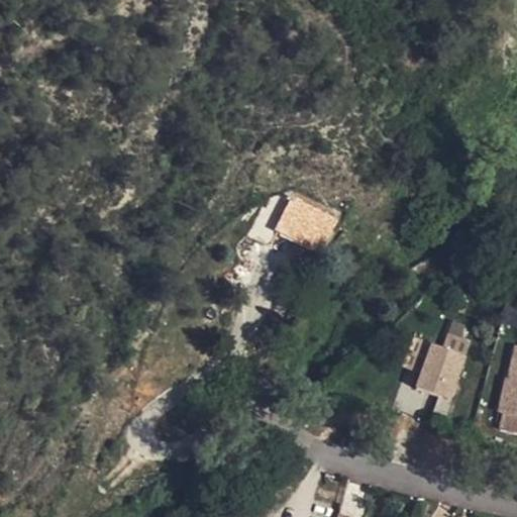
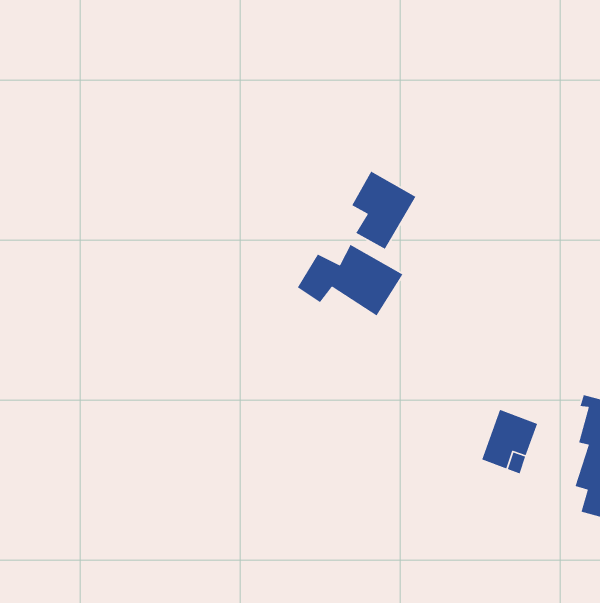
building: none -> [351,171,417,250]

